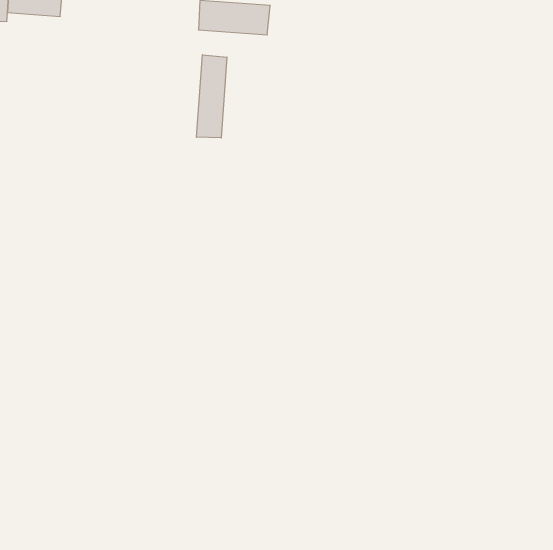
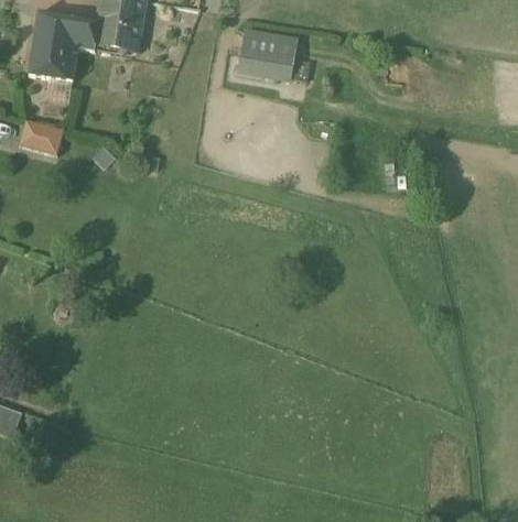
building: [196,55,227,138] -> none

